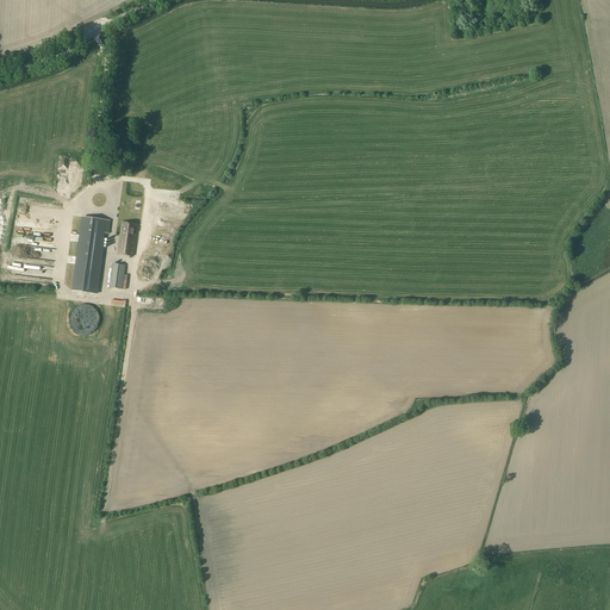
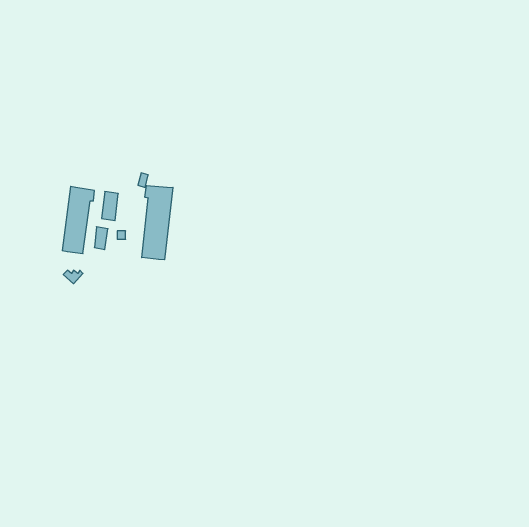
building: none -> [142,186,173,260]

